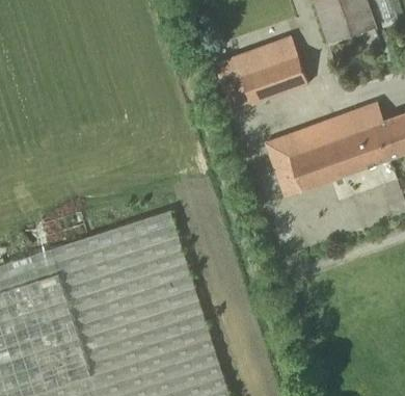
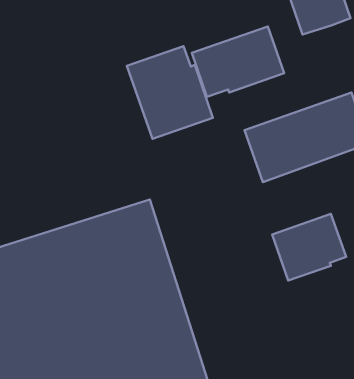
building: none -> [127,46,213,139]
building: none -> [272,214,346,281]

